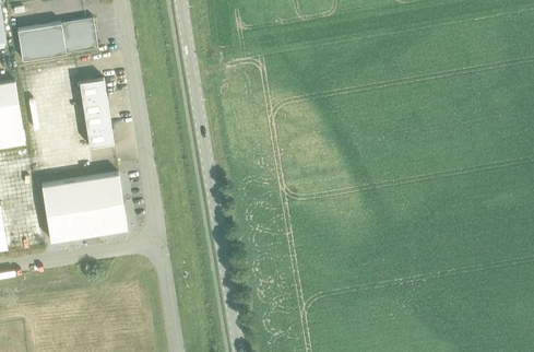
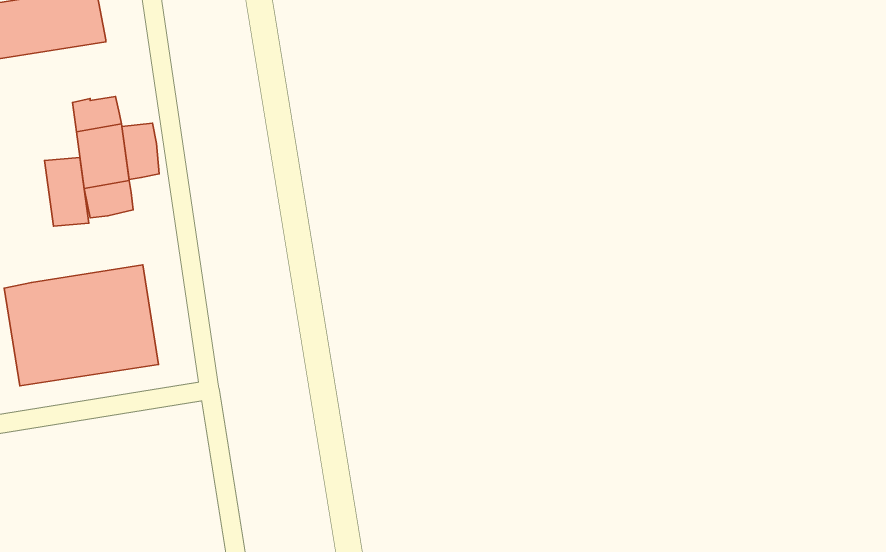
building: none -> [122,123,159,179]
building: none -> [44,157,89,226]

